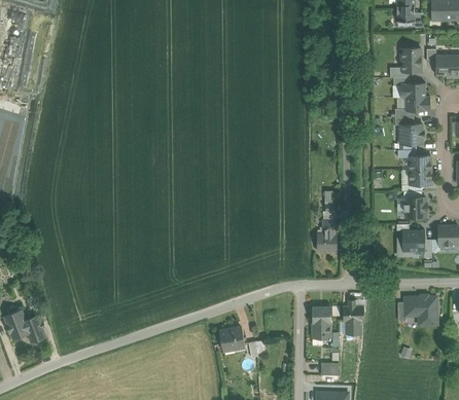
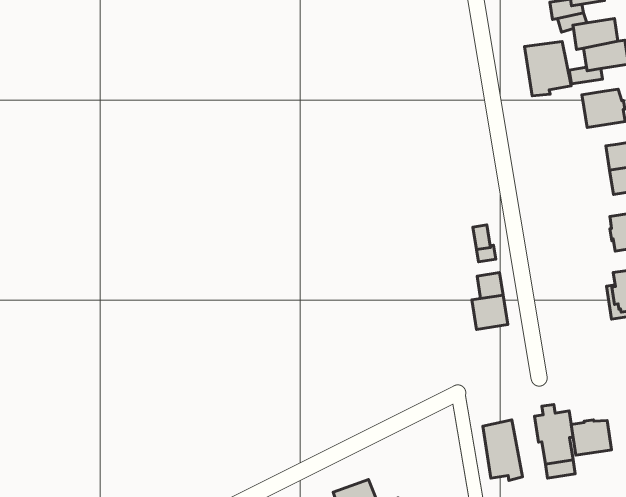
building: none -> [524,41,571,96]
building: none -> [571,420,612,455]

